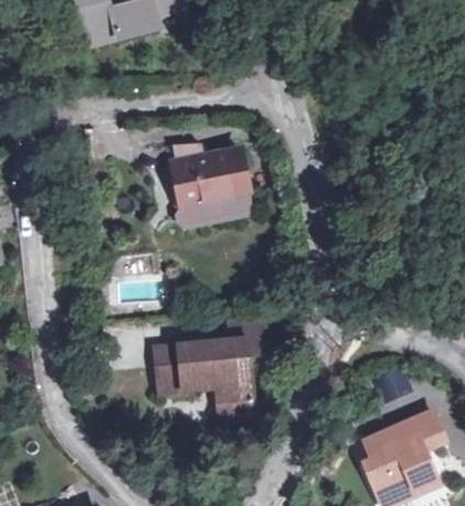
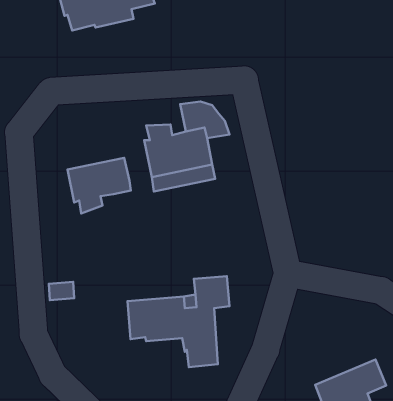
building: none -> [67,158,131,214]

